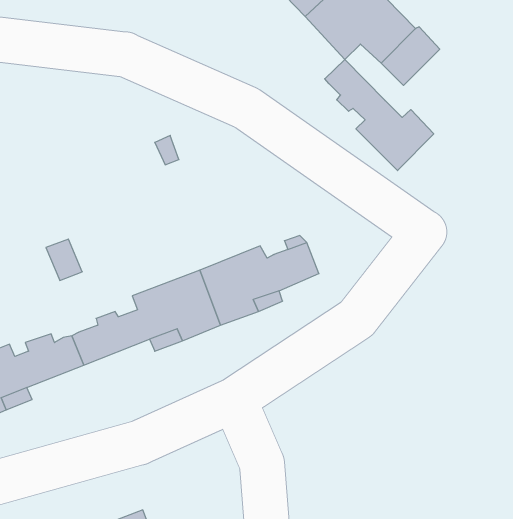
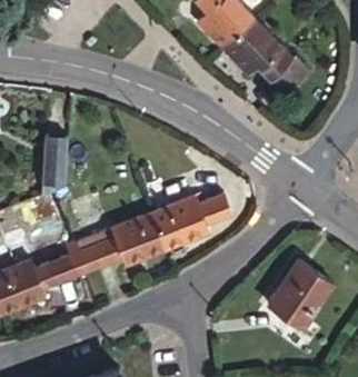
building: [325,60,434,171] -> none
building: none -> [41,132,70,195]
building: none -> [267,261,332,328]

